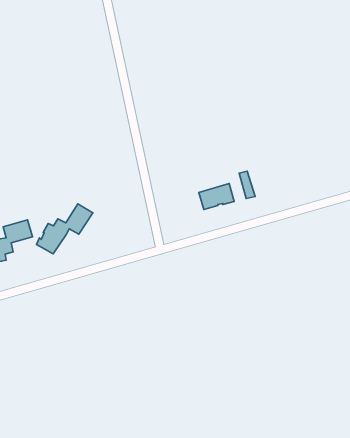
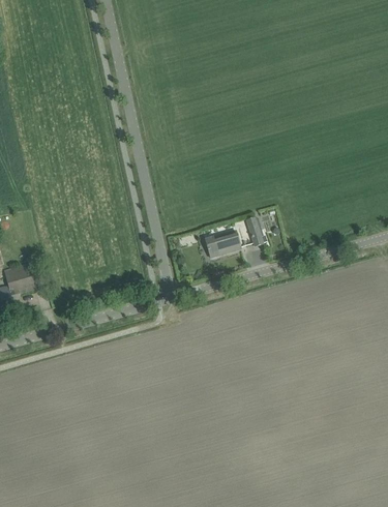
building: [36,204,93,254] -> none

